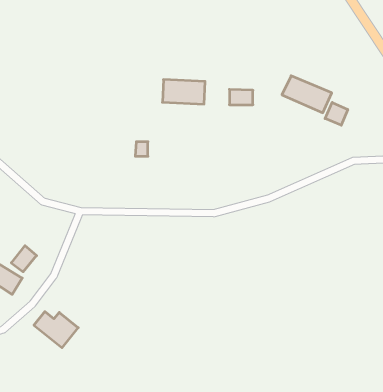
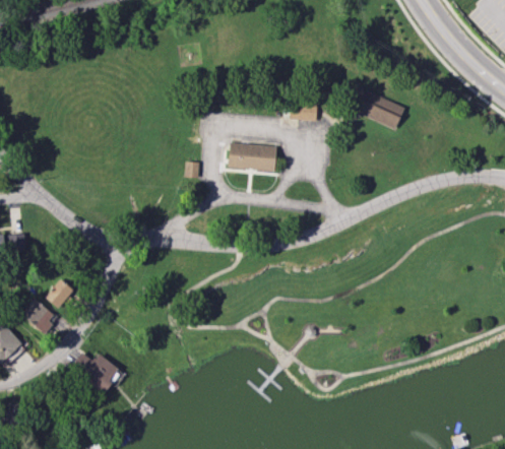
building: [162,80,205,104] -> [229,143,276,171]
building: [325,102,348,125] -> none

